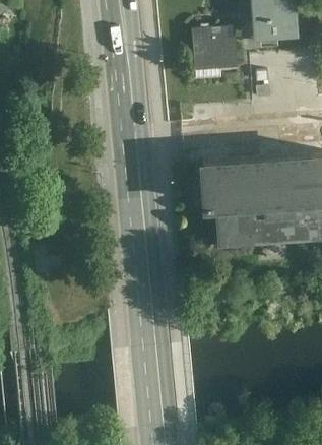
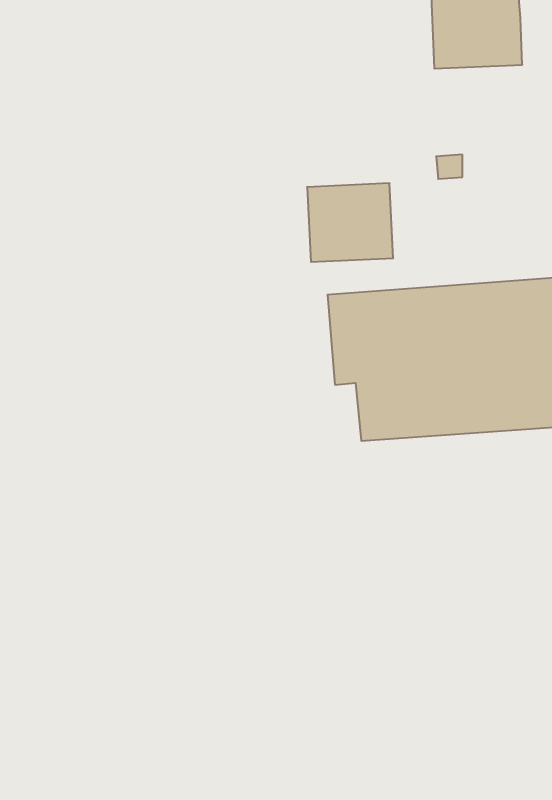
building: [193,29,240,72] -> [307,183,393,262]

